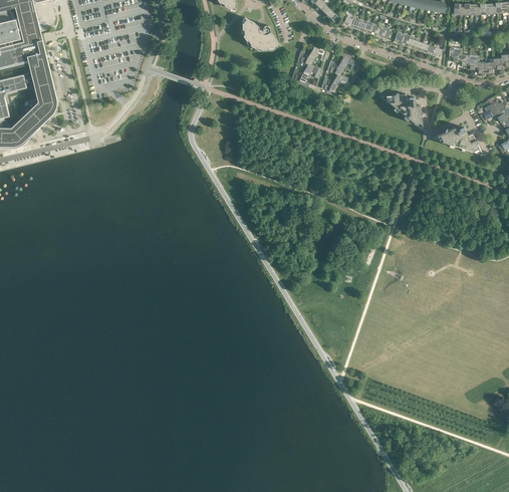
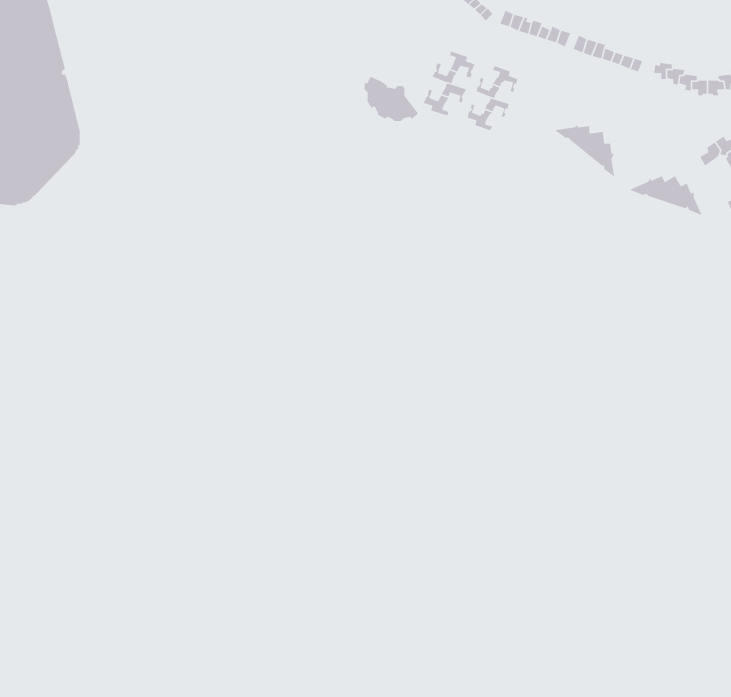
building: [241,17,279,49] -> [364,75,420,122]

